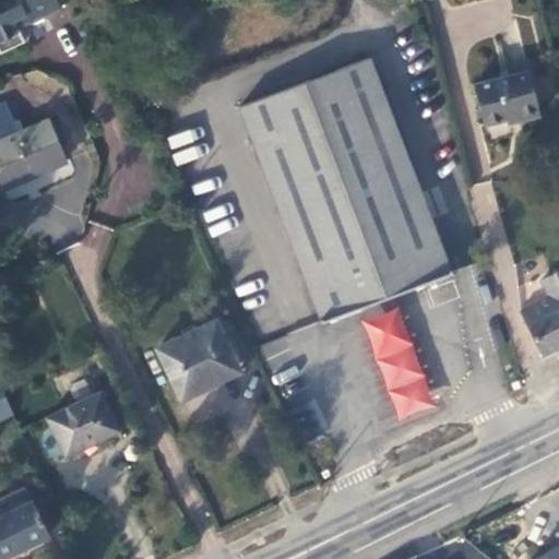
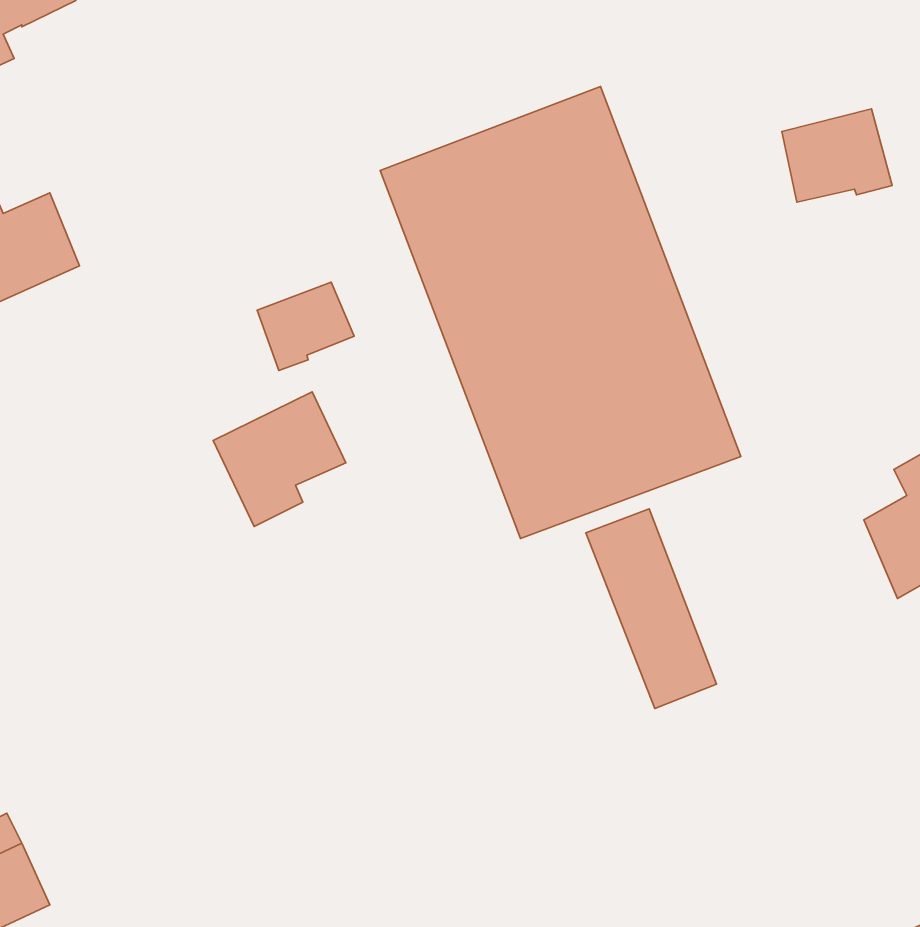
building: none -> [257,282,354,370]
building: [157,321,235,400] -> [213,392,346,526]
building: [48,394,117,455] -> none

